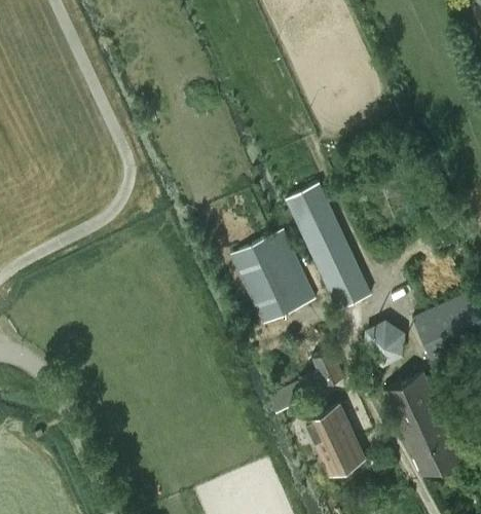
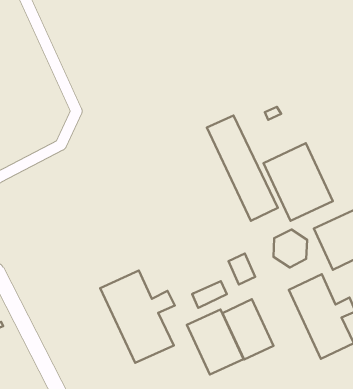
building: [233,231,316,324] -> [264,143,333,221]
building: none -> [100,271,175,363]
building: none -> [187,309,244,375]

